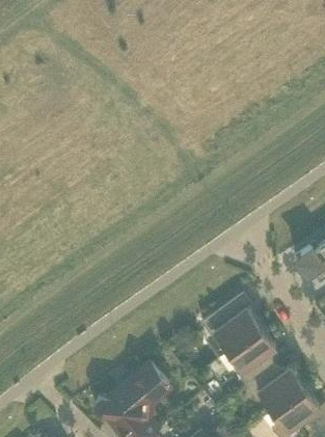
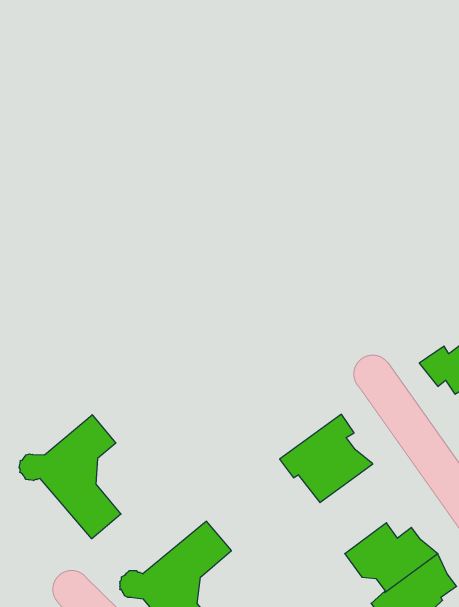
building: none -> [19,415,121,539]
building: [227,326,274,386] -> none

